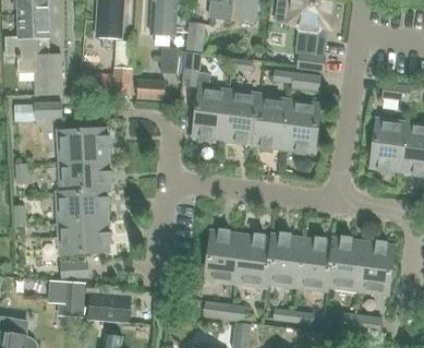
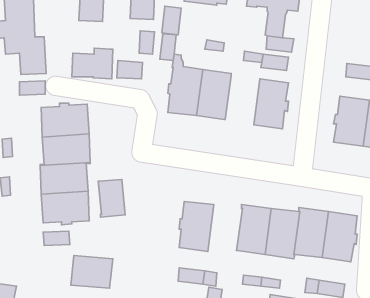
building: [252,96,290,148] -> none
building: none -> [98,179,125,217]
building: [234,233,271,287] -> none
building: [61,281,83,315] -> none

